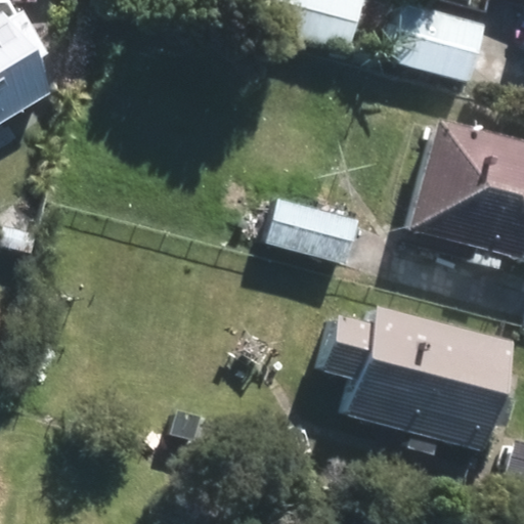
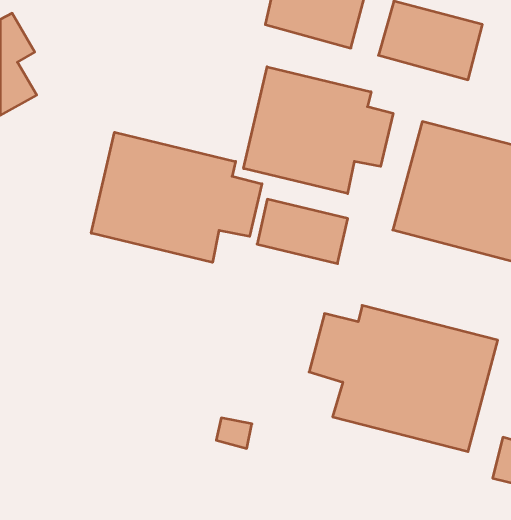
building: none -> [244,67,393,194]
building: none -> [91,132,262,262]

